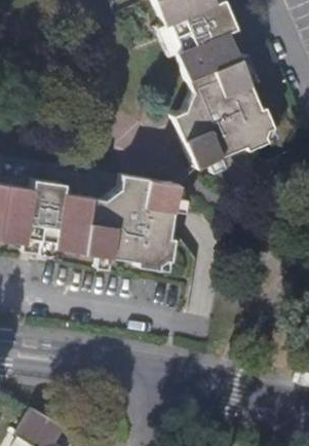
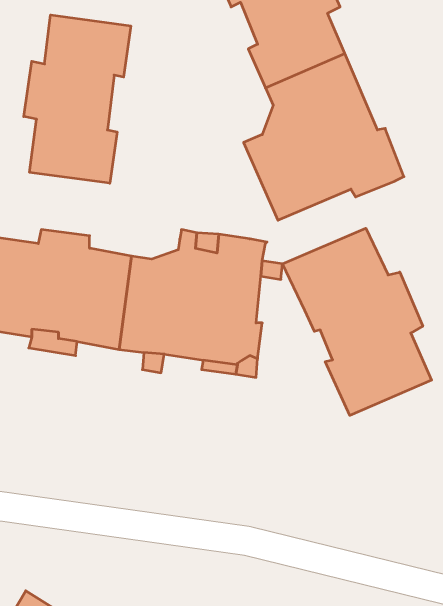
building: none -> [24,15,131,183]
building: none -> [283,228,432,415]

